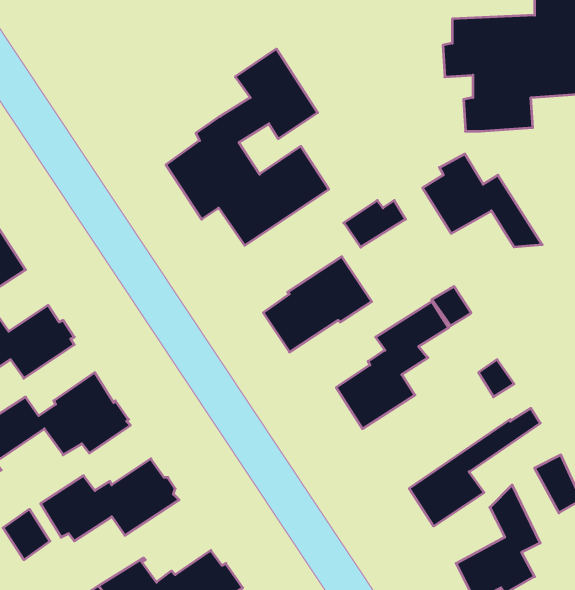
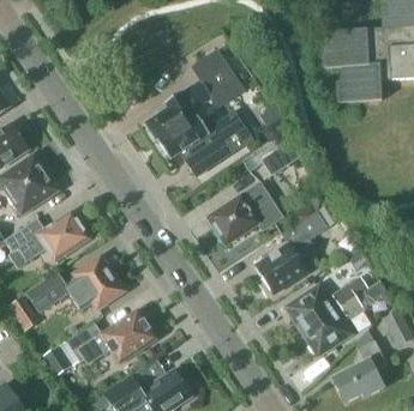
building: [423,154,542,247] -> none
building: none -> [287,276,367,330]

